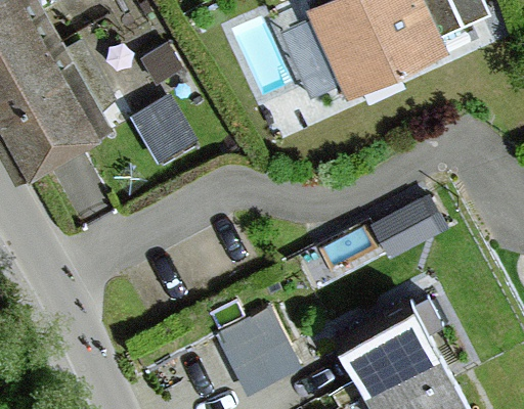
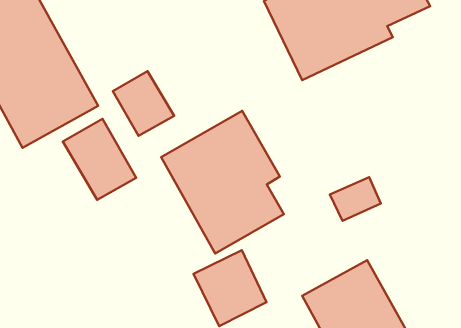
building: none -> [161,111,284,253]
building: none -> [63,119,136,200]

